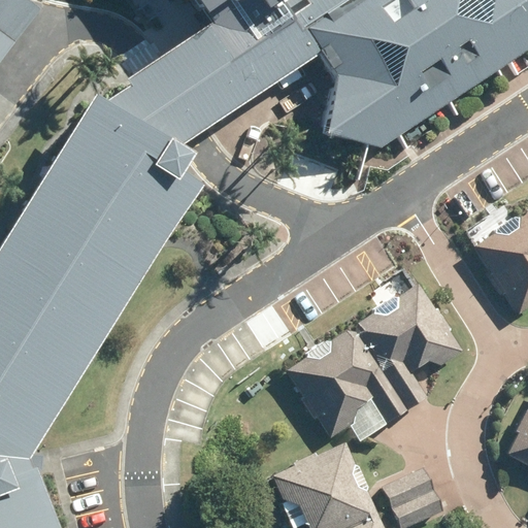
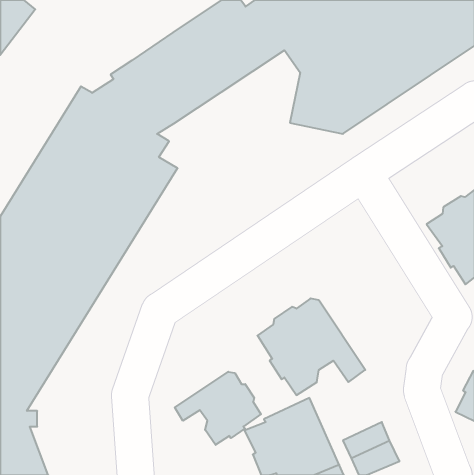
building: [355,286,463,410] -> none
building: none -> [175,372,261,445]

